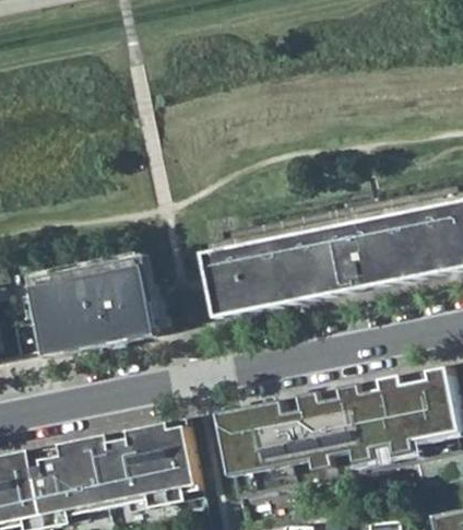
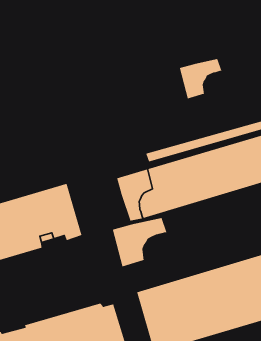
building: none -> [179,58,222,100]
building: none -> [112,217,167,268]

